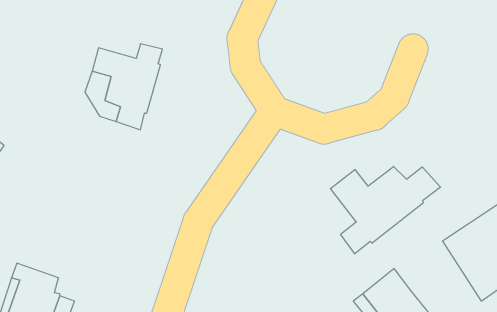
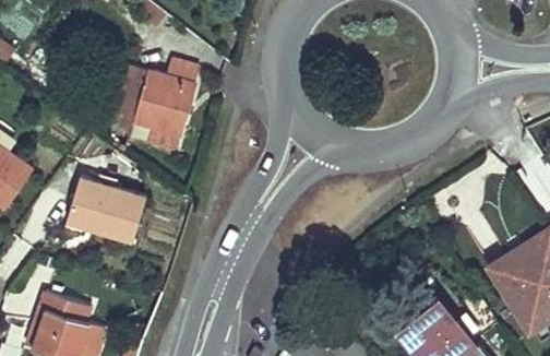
building: none -> [67,177,146,235]
building: [330,166,441,254] -> none

